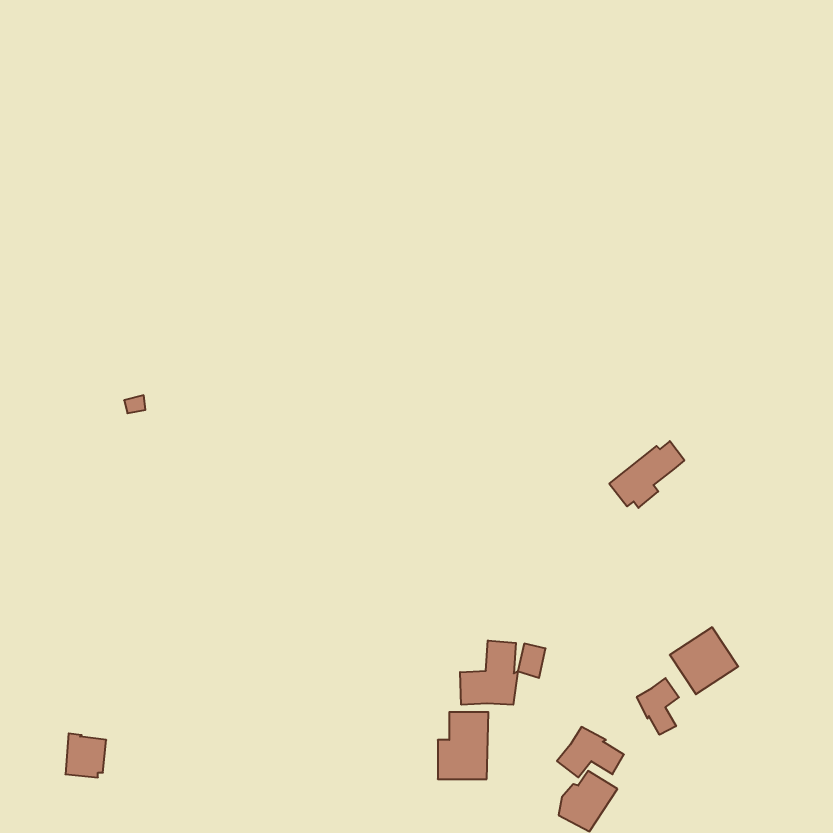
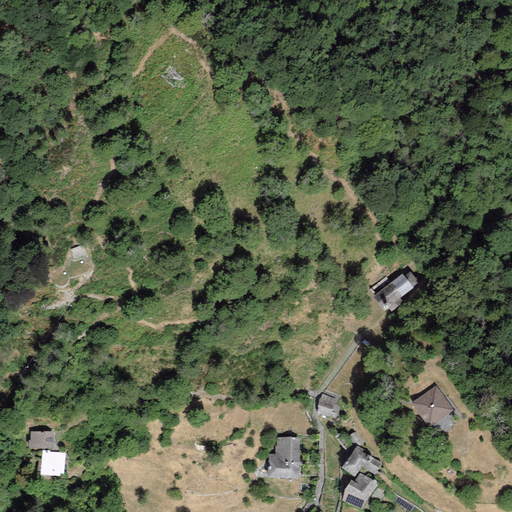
building: [460,640,518,705] -> none
building: [637,678,679,735] -> none
building: none -> [29,431,54,448]

